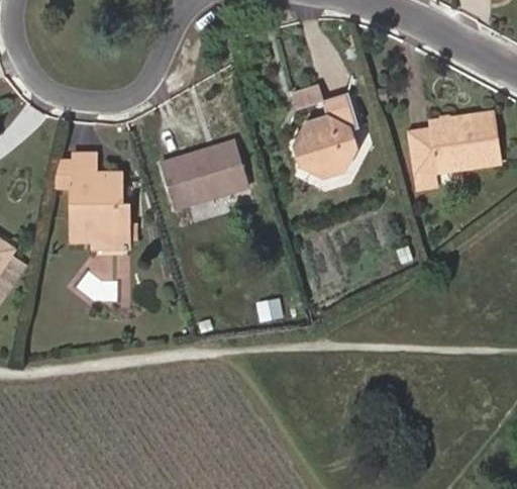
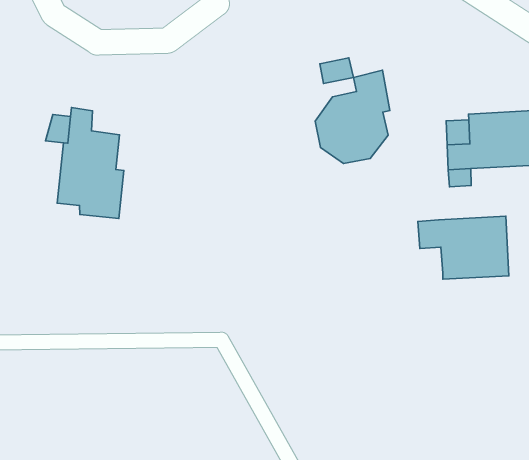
building: [161,140,248,209] -> none
building: none -> [418,216,509,279]

